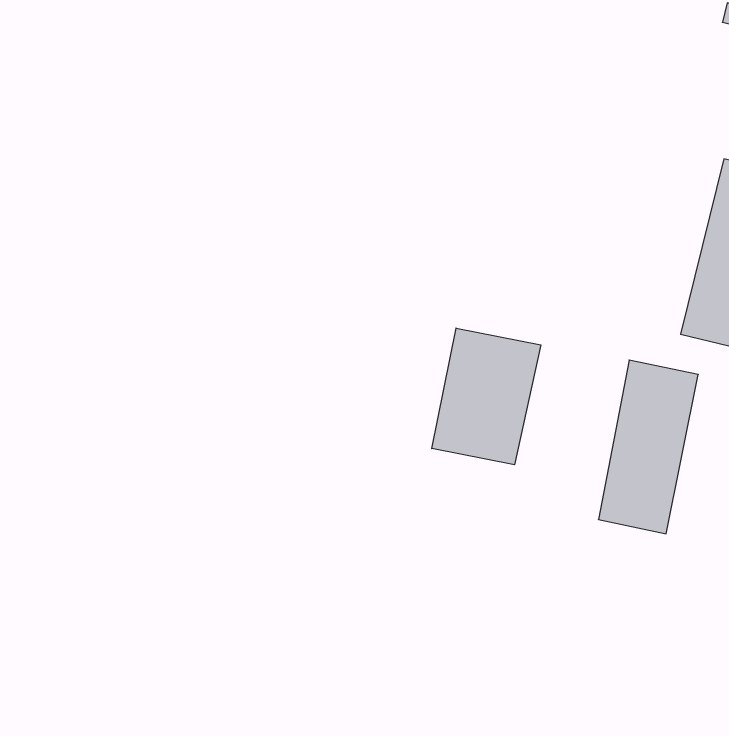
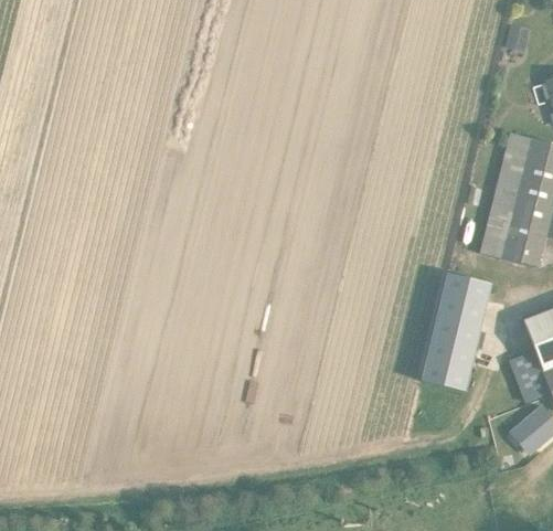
building: [432,328,541,465] -> none

